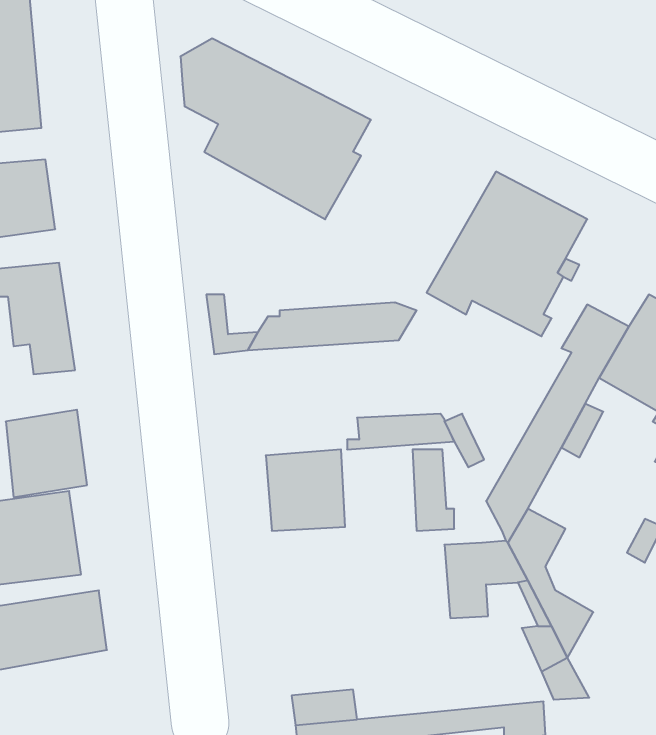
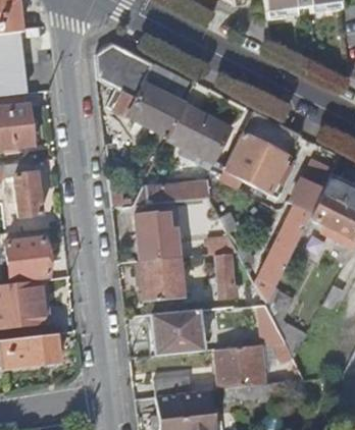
building: none -> [169,105,234,163]
building: none -> [136,211,179,259]
building: none -> [150,308,199,356]
building: none -> [213,348,266,391]

